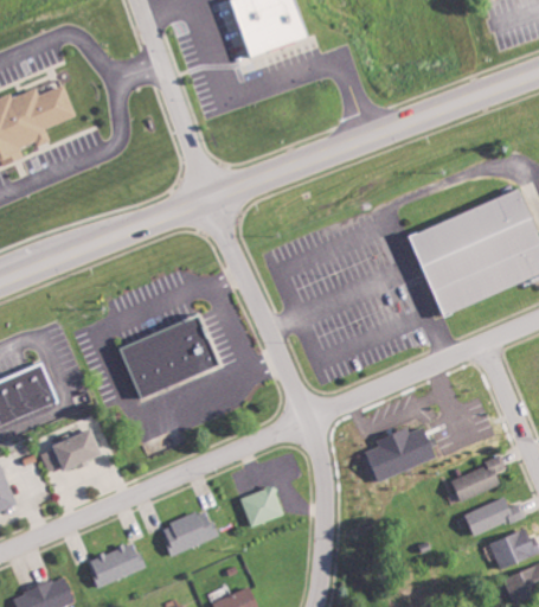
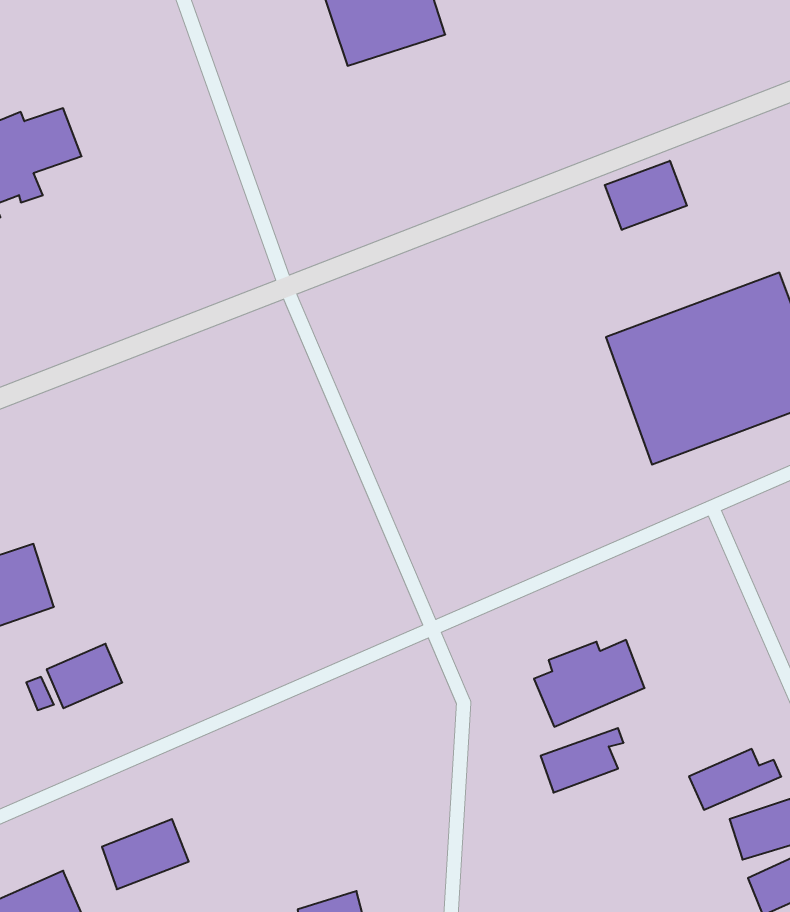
building: none -> [605,161,687,230]
building: [118,315,218,398] -> none
building: [450,460,503,501] -> [541,728,624,793]
building: [237,486,283,528] -> none
building: [159,509,216,556] -> none

